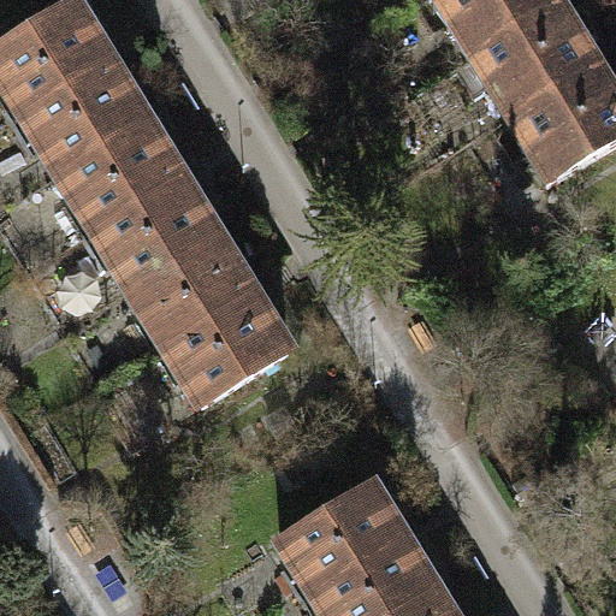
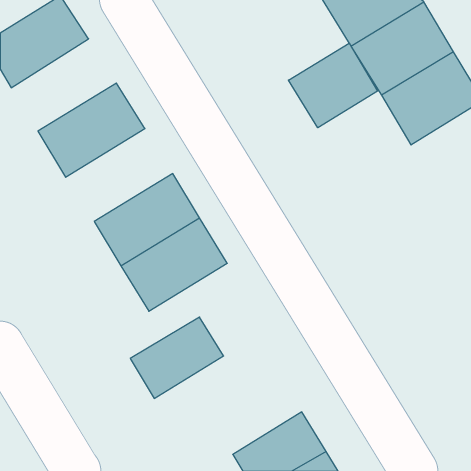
building: [16,51,153,171] -> none
building: none -> [288,43,378,128]
building: [87,167,226,289] -> none
building: [273,486,395,592] -> [130,317,224,398]

